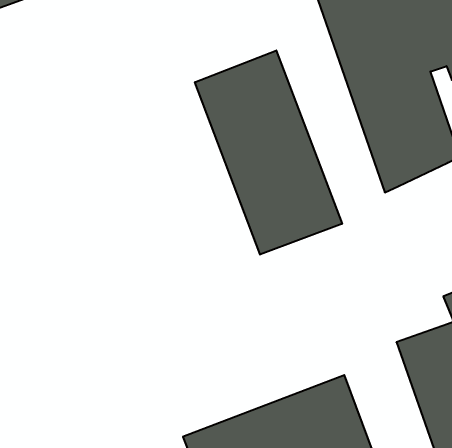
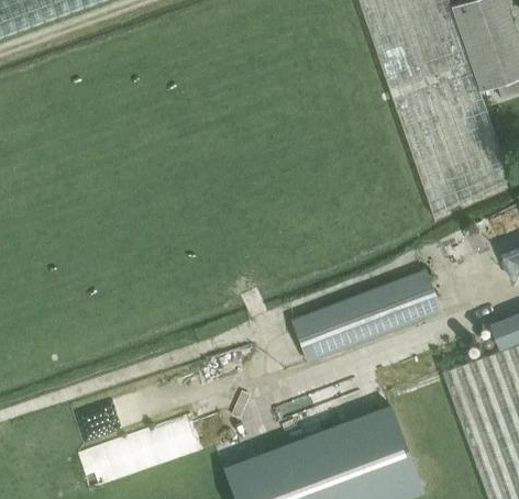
building: [195,50,342,255] -> none
building: none -> [294,269,442,362]

